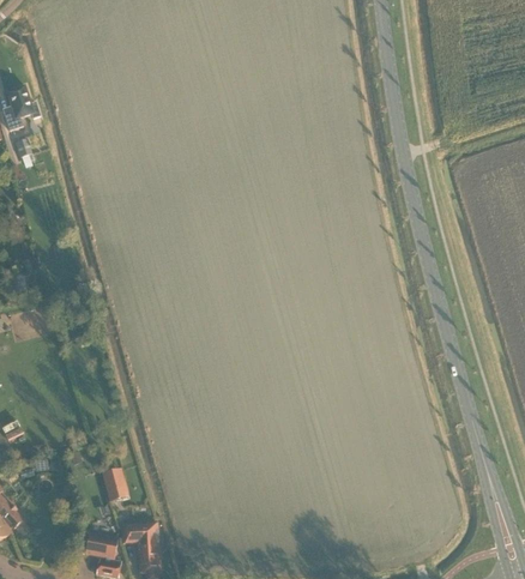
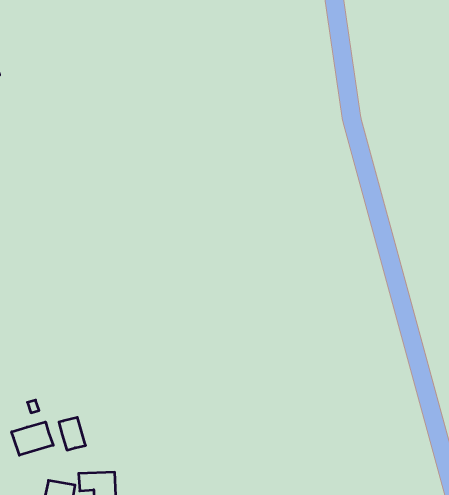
building: none -> [12,422,53,455]

